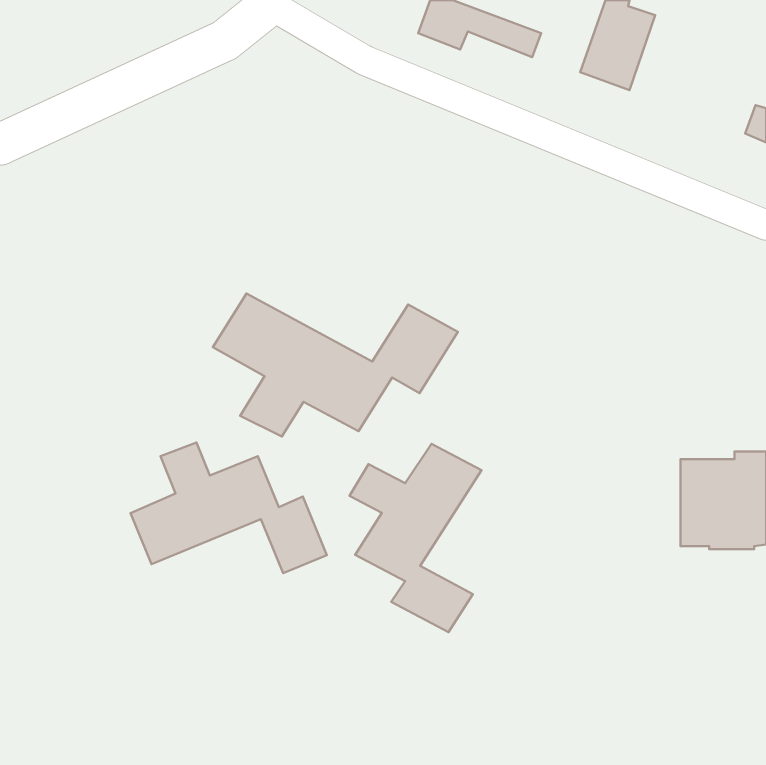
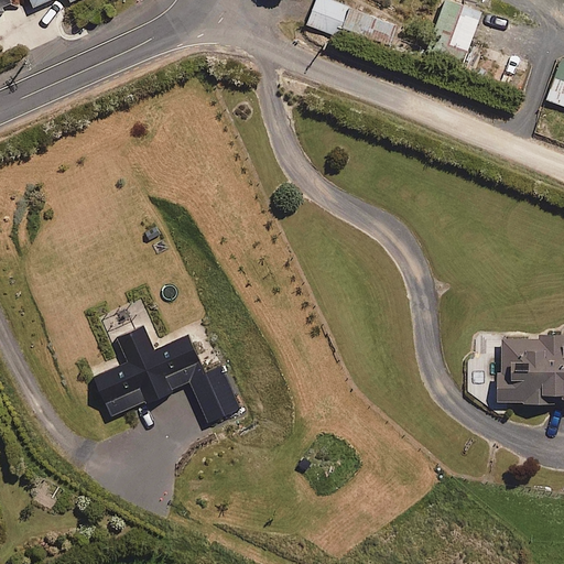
building: [213,294,458,437] -> none
building: [350,444,481,632] -> none

